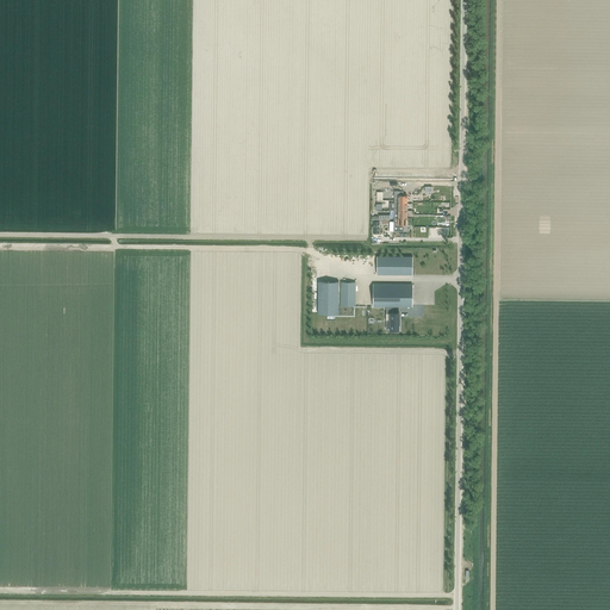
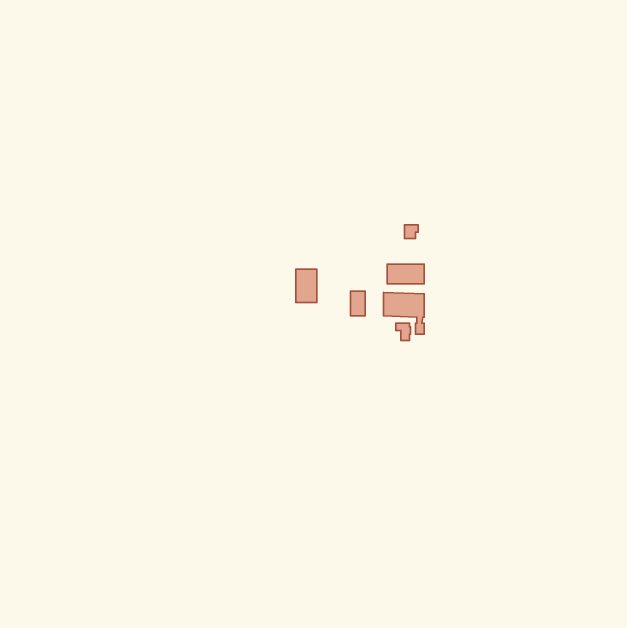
building: [317,282,337,315] -> [296,269,317,302]

